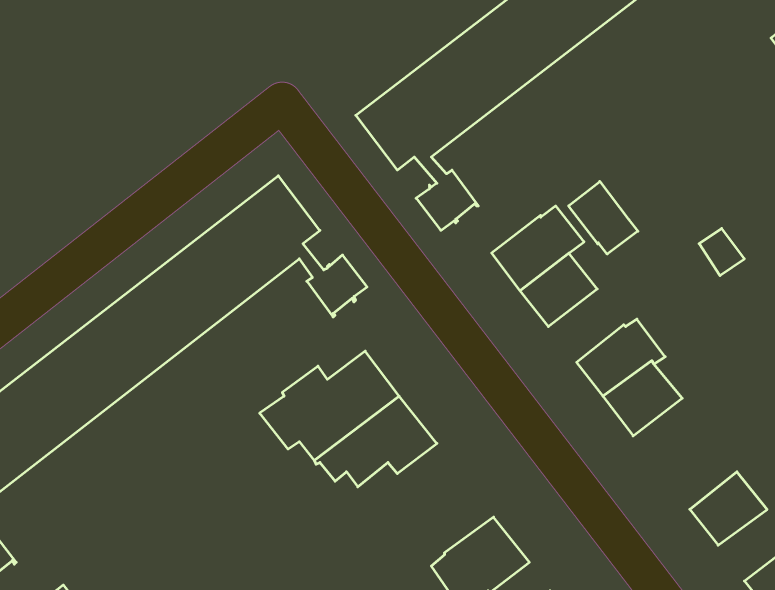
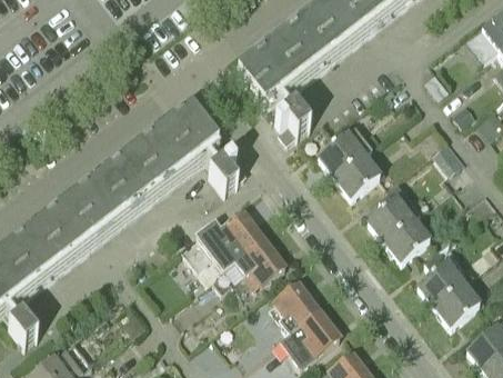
building: [569,181,638,254] -> none
building: none -> [418,248,462,302]
building: none -> [274,280,319,328]

